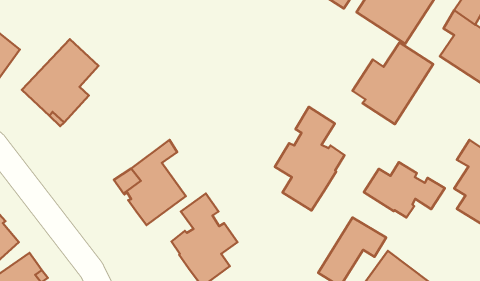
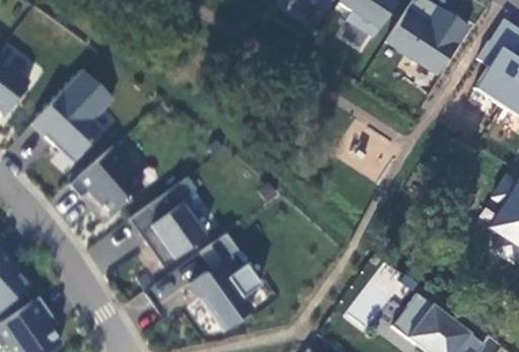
building: [352,43,433,124] -> none
building: [275,107,344,211] -> none
building: none -> [69,145,143,215]
building: [364,162,445,217] -> none

